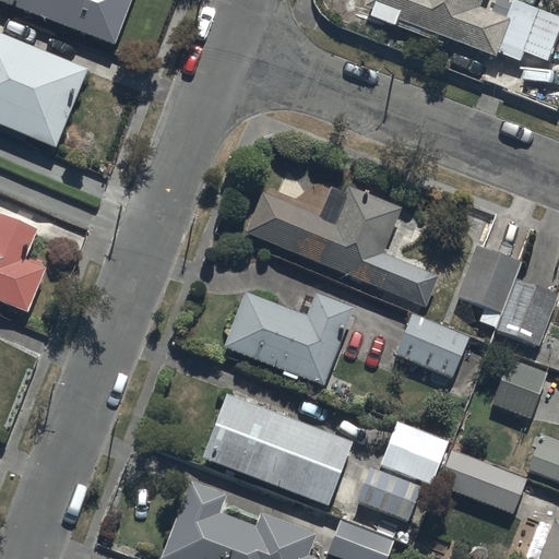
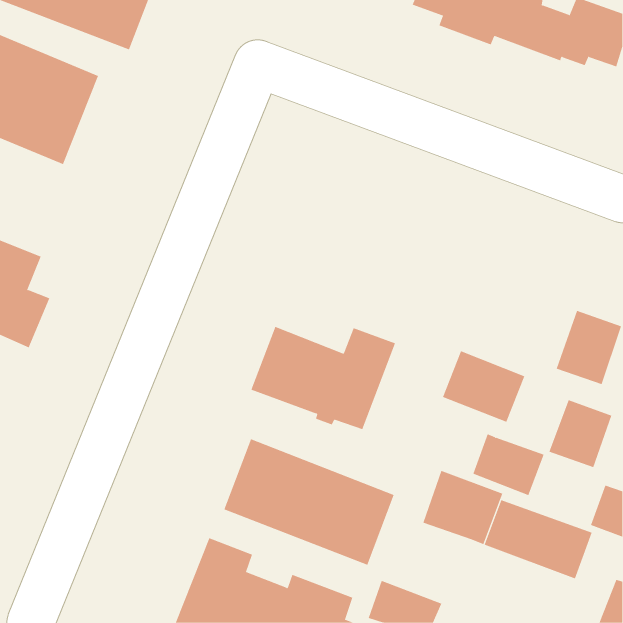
building: [242,185,439,308] -> none
building: [457,246,518,328] -> none
building: [357,464,421,520] -> [473,434,545,496]

